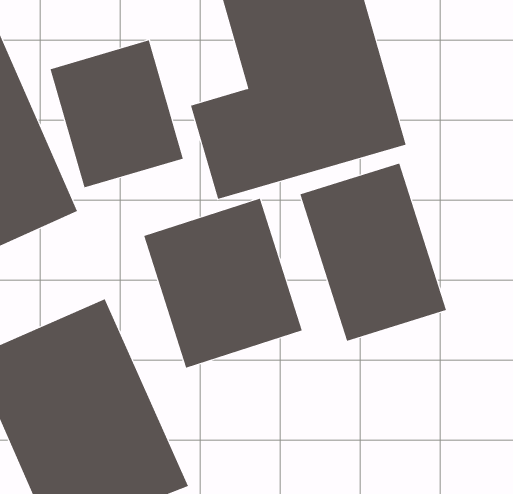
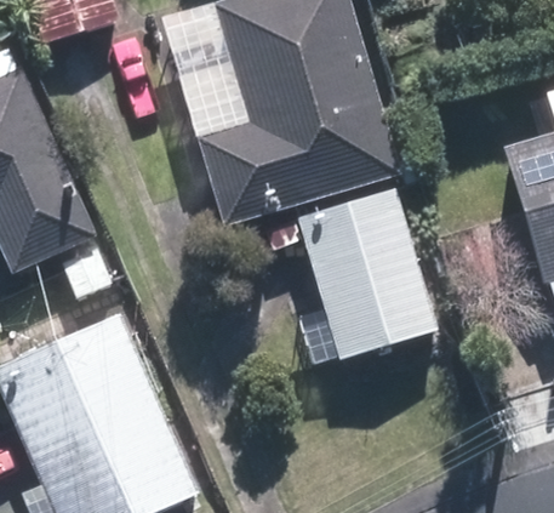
building: [50,40,184,188] -> none
building: [143,198,302,368] -> none

